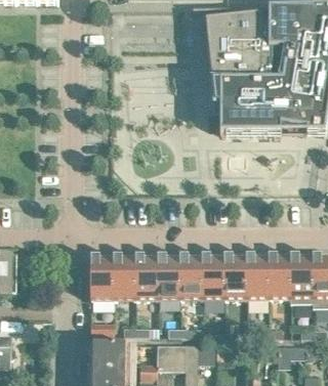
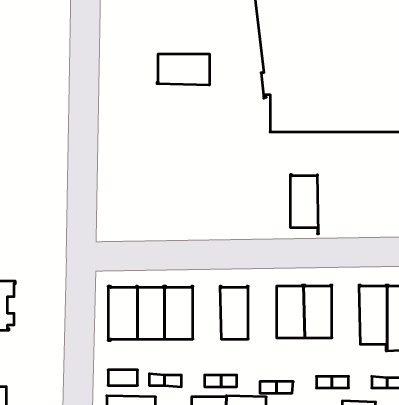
building: none -> [157,54,209,85]
building: [269,255,291,302] -> [290,175,319,234]
building: [158,256,180,298] -> none
building: [202,256,224,298] -> none

